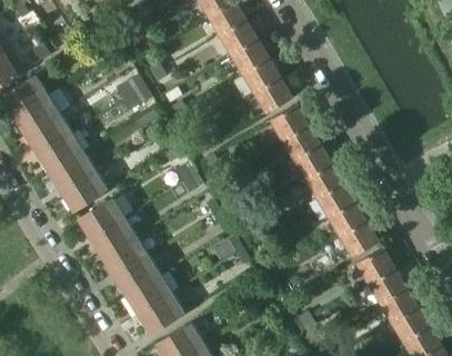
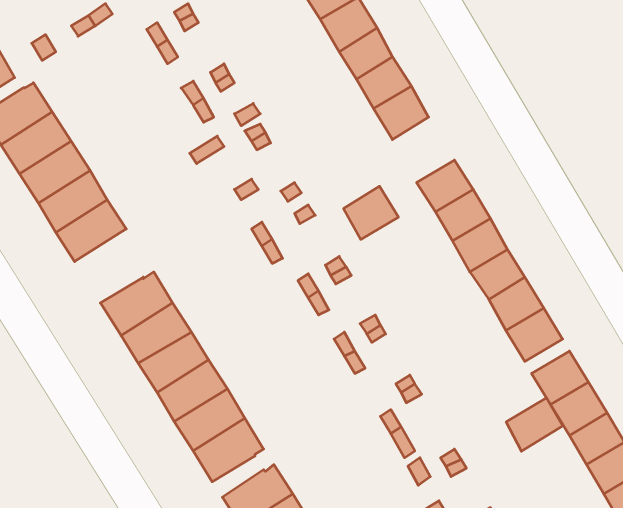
building: [271,106,307,140] -> [344,186,398,239]
building: [61,170,107,211] -> none
building: none -> [506,398,563,451]

